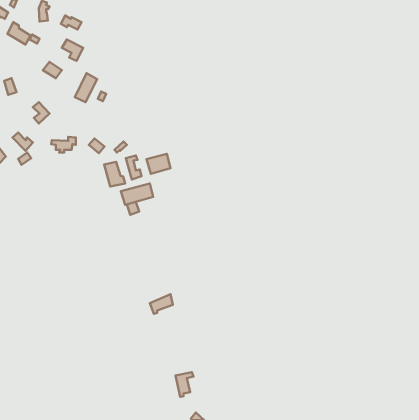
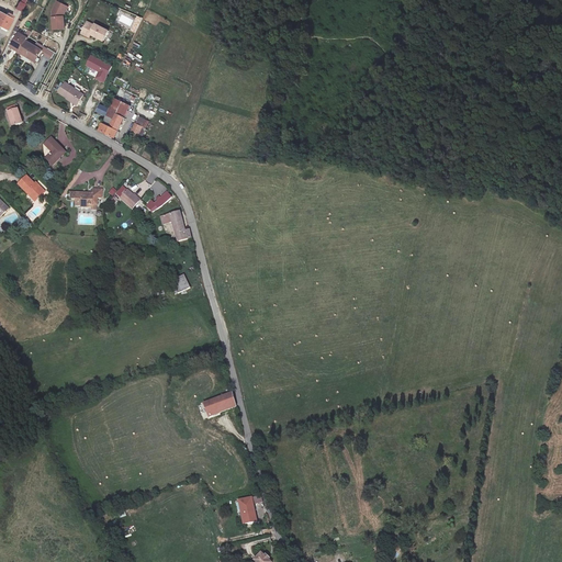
building: [147,154,171,174] -> none
building: [104,162,125,186] -> none
building: [121,183,153,205] -> none

